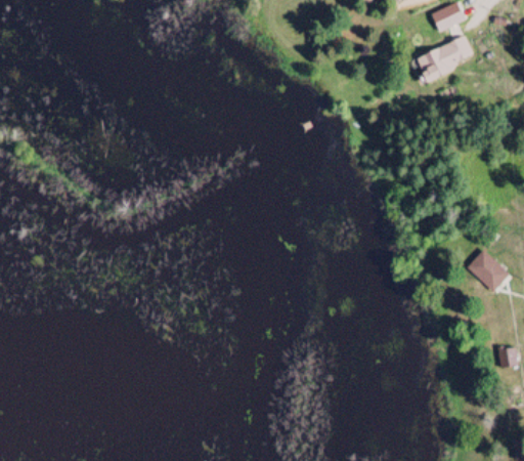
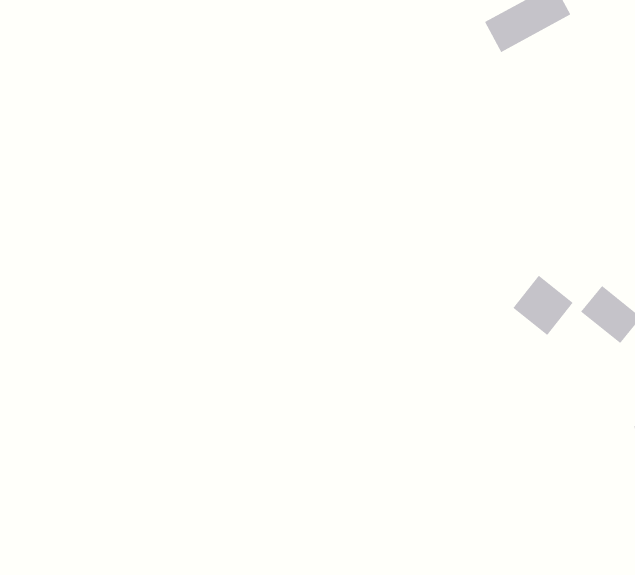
building: none -> [513,275,573,336]

